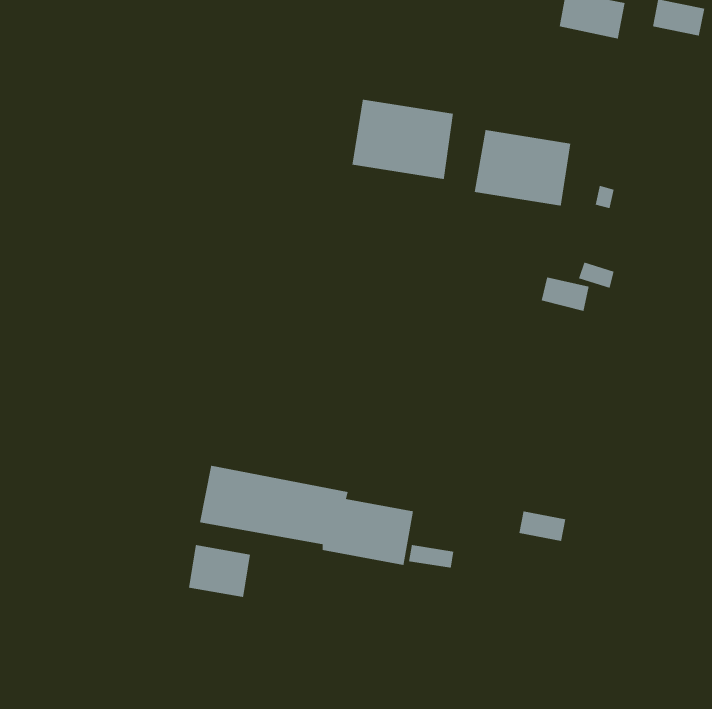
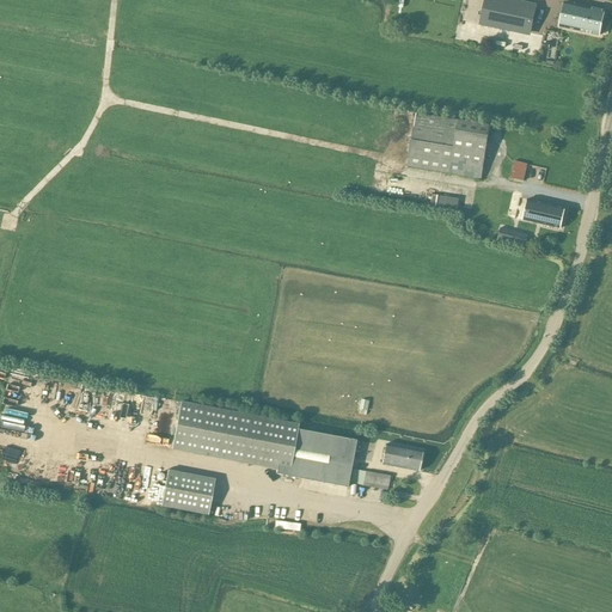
building: [352,99,453,180] -> none
building: [541,277,590,312] -> [524,197,565,227]
building: [519,511,566,541] -> [381,442,422,469]

